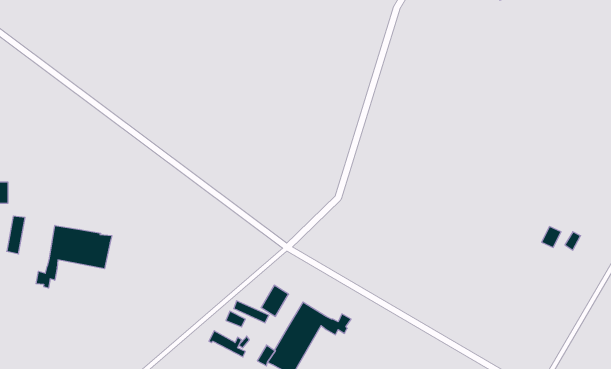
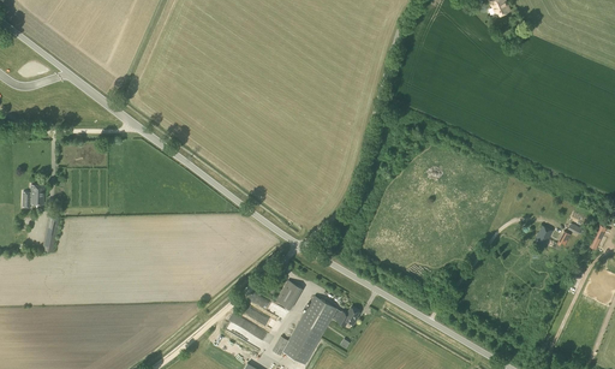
building: [36,225,112,288] -> none

